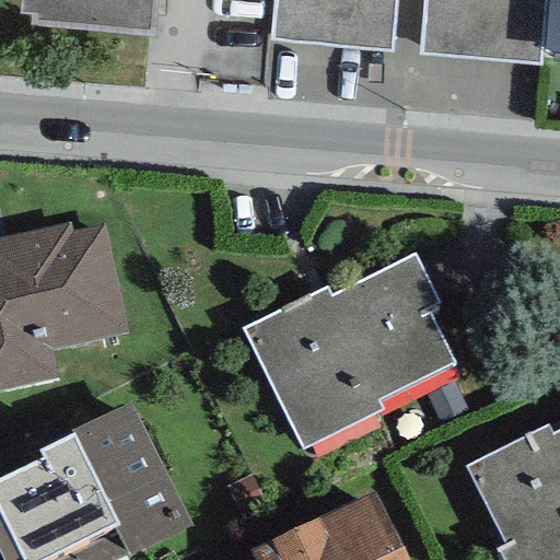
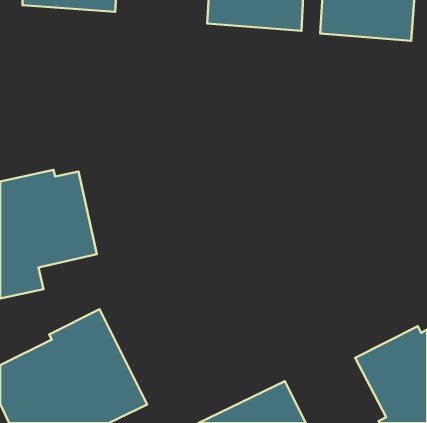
building: [242,258,454,452] -> none

